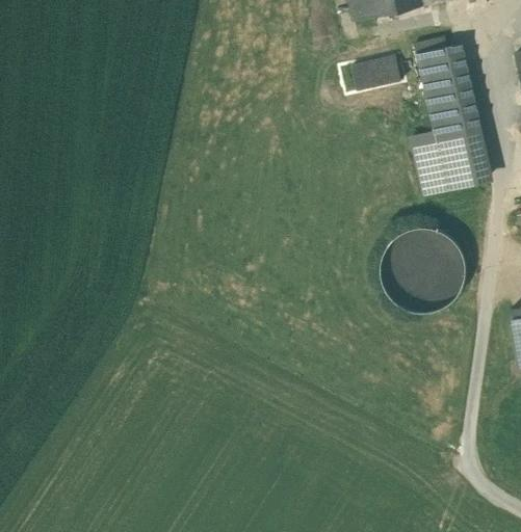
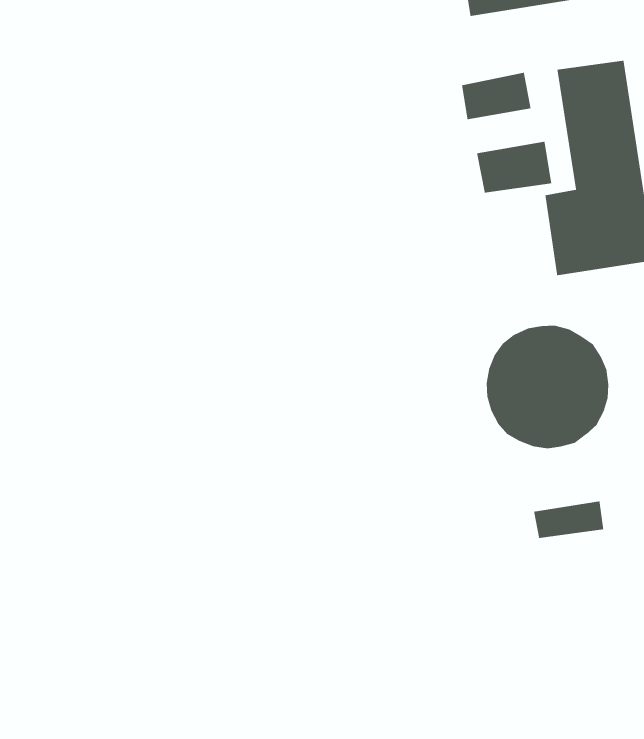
building: none -> [476,141,552,194]
building: none -> [533,501,604,539]

